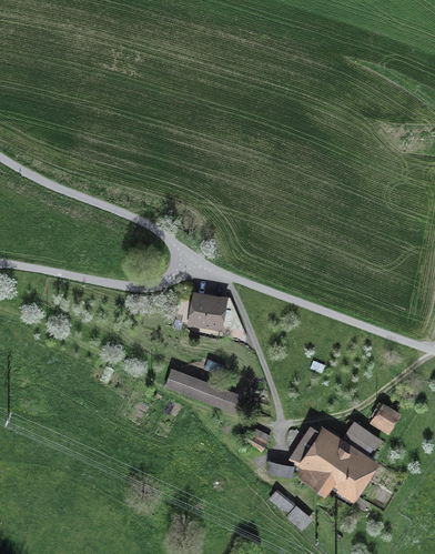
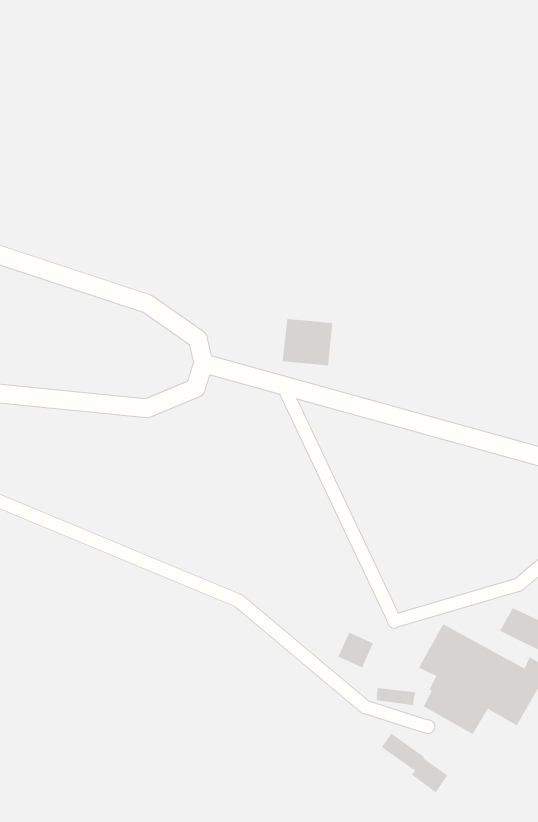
building: [192,296,224,326] -> [282,319,333,366]
building: [166,370,243,413] -> none

